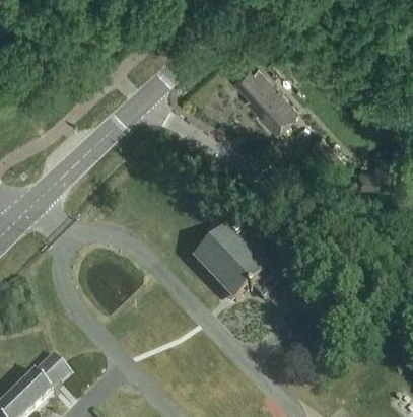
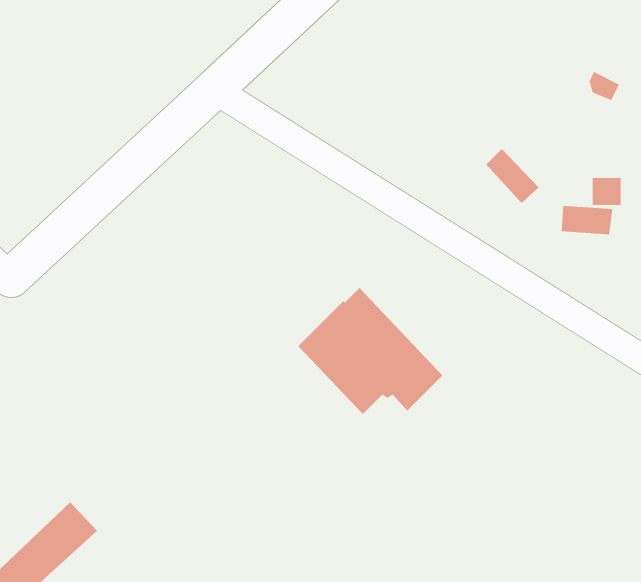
building: [231,65,295,133] -> none

